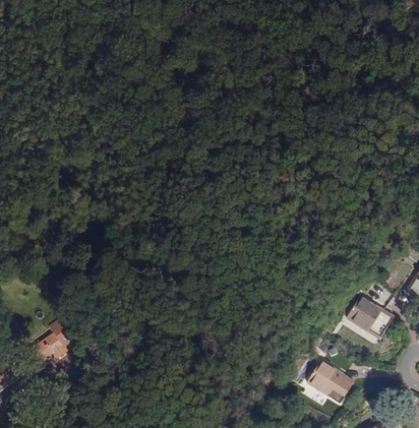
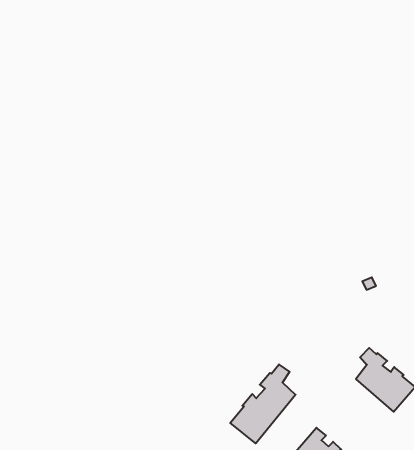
building: none -> [230,364,296,443]

